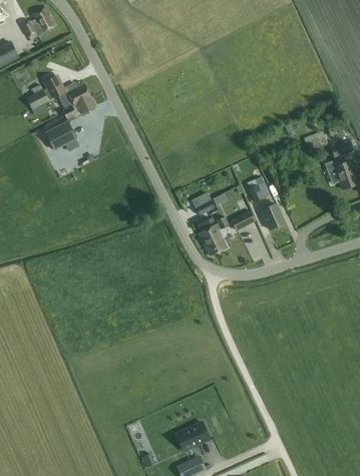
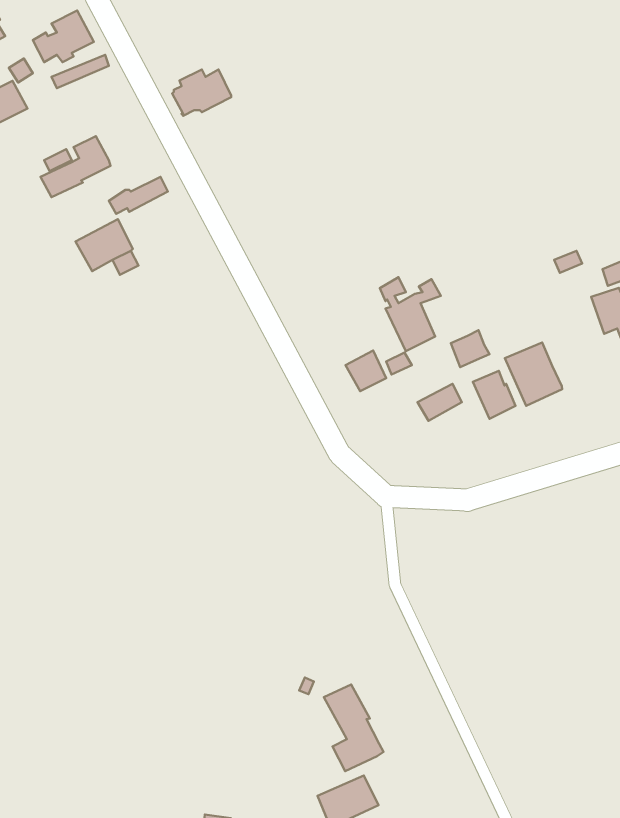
building: [59,82,91,107] -> [172,70,231,116]
building: none -> [505,343,562,406]
building: [196,214,229,255] -> [380,277,441,351]
building: none -> [324,684,383,771]

